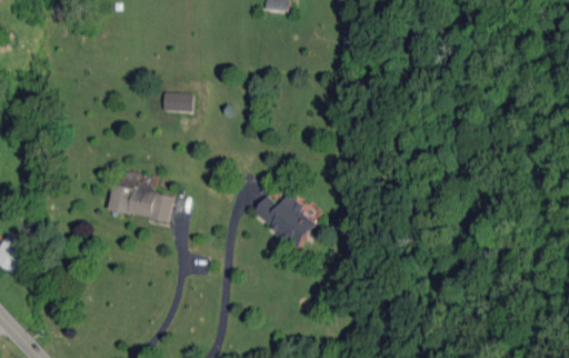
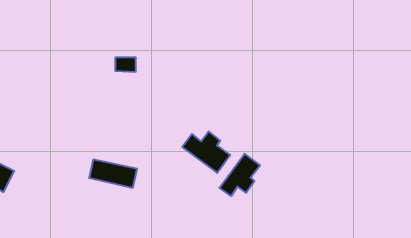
building: [109,183,173,221] -> [89,160,137,188]
building: none -> [219,154,260,196]

